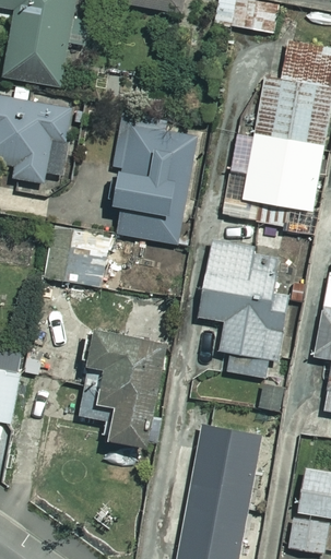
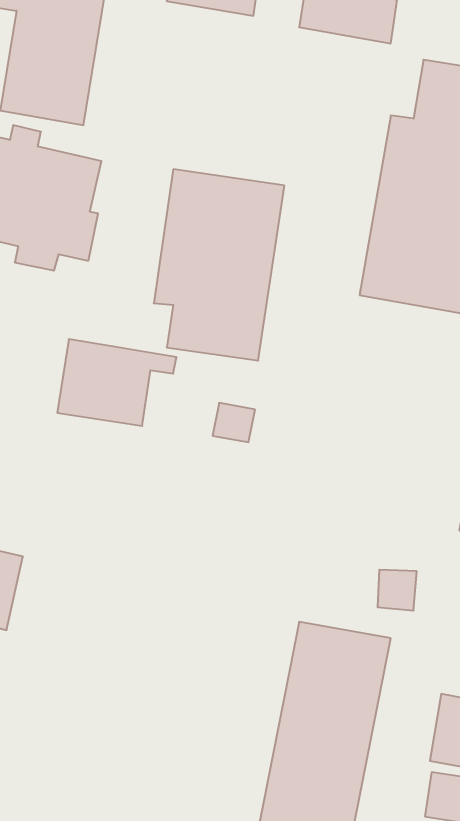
building: [200,242,296,378] -> none
building: [80,330,172,450] -> none

